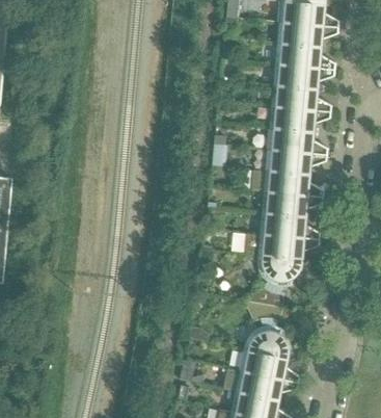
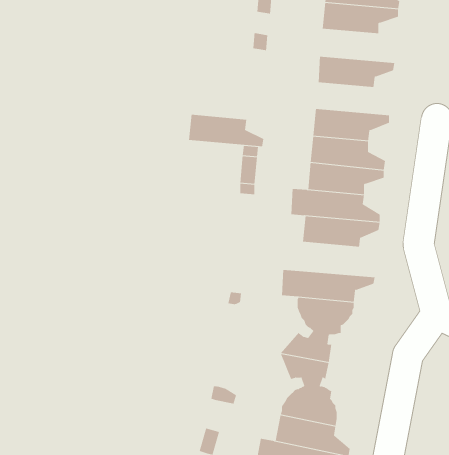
building: [275,45,335,72] -> none
building: [272,87,332,113] -> [188,114,264,147]
building: [260,214,321,242] -> none

